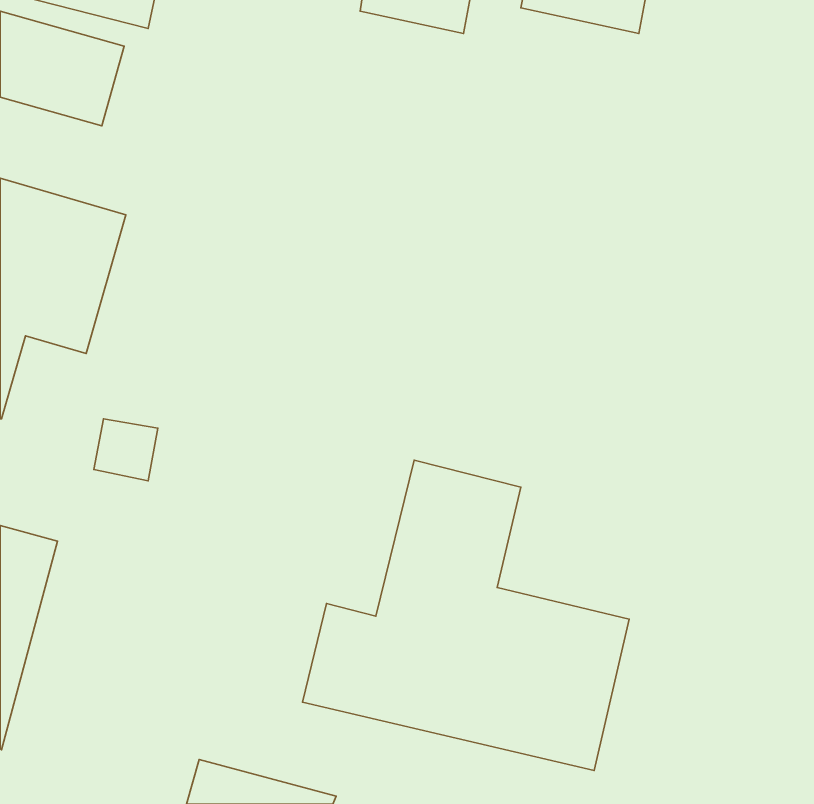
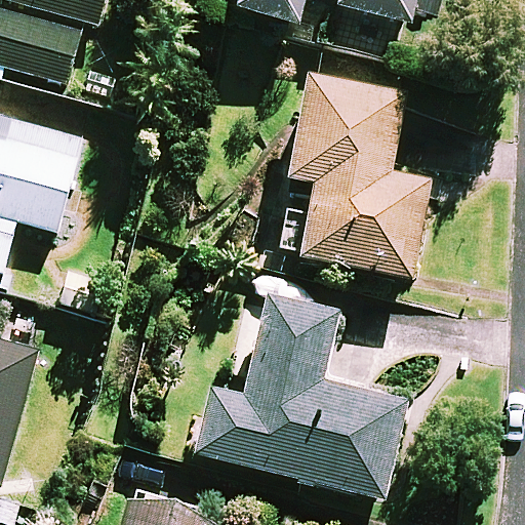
building: none -> [288,74,428,276]

